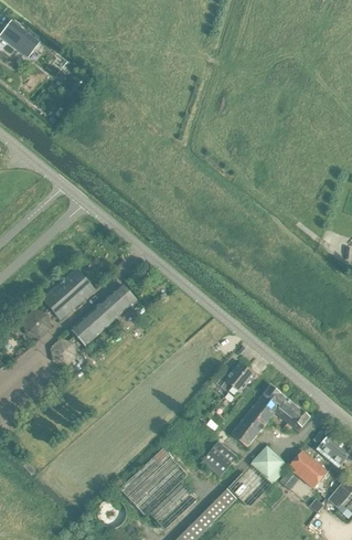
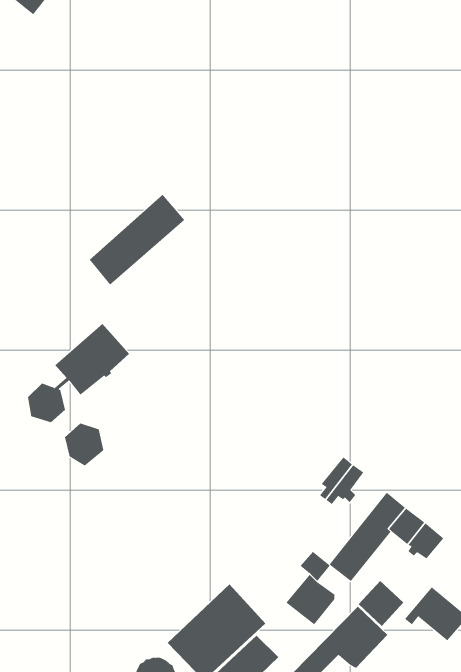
building: [70,283,136,346] -> [89,194,185,285]

